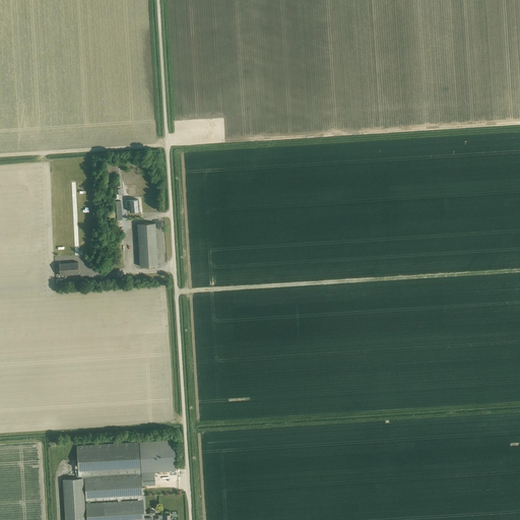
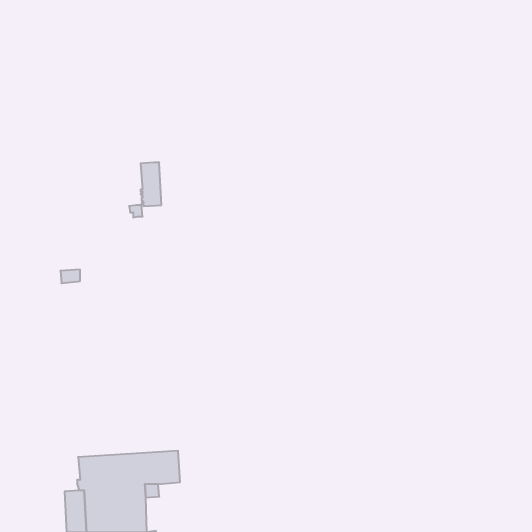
building: [137,223,157,266] -> [141,162,161,206]

